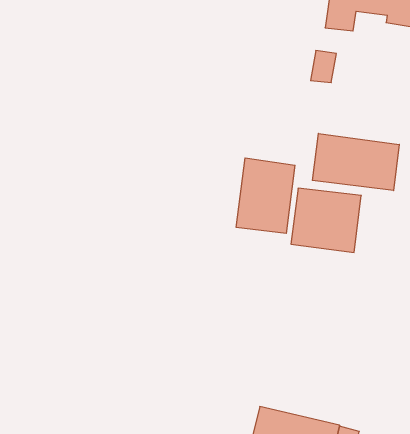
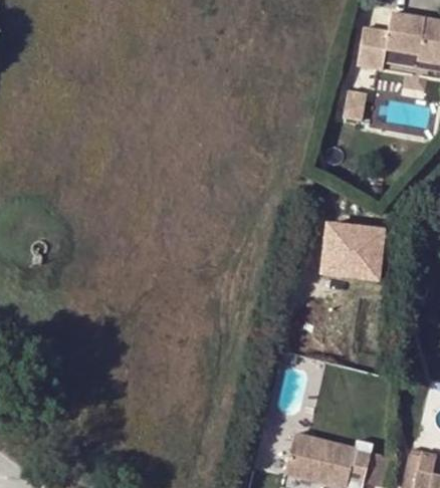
building: [312,133,399,191] -> none
building: [236,158,295,233] -> none

